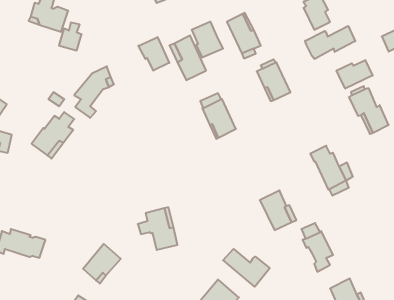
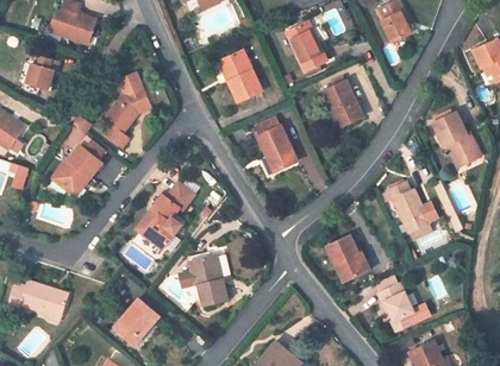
building: [192,22,223,58] -> none
building: [59,23,82,50] -> [25,56,52,89]
building: [305,26,355,59] -> none
building: [138,37,169,71] -> none
building: [337,60,373,89] -> none
building: none -> [135,182,194,250]
building: [223,249,270,287] -> none

